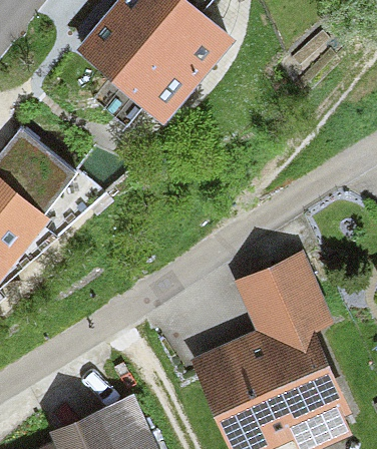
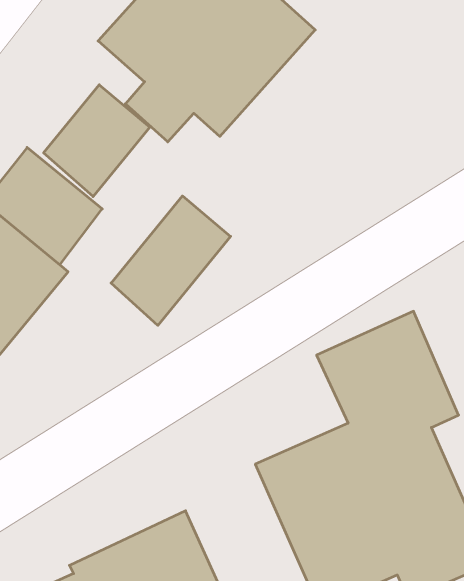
building: none -> [44,85,150,197]
building: none -> [111,196,231,325]

